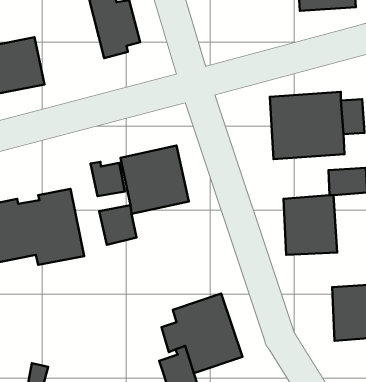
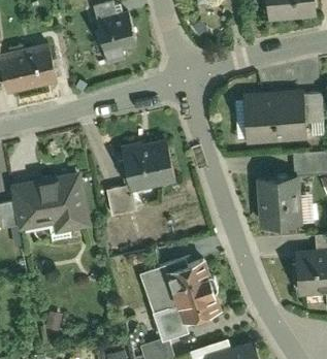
building: [91,162,125,196] -> none

